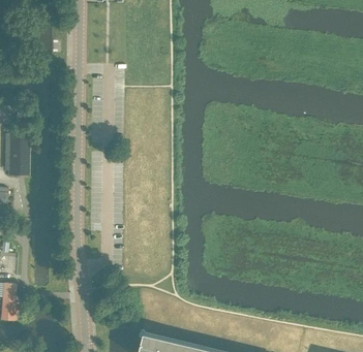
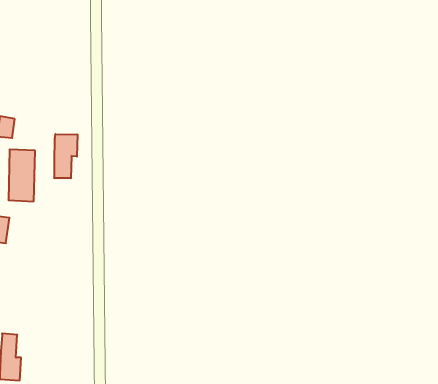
building: none -> [54,134,77,178]

